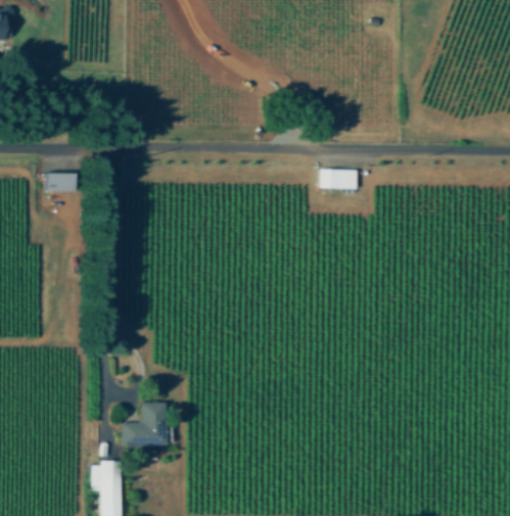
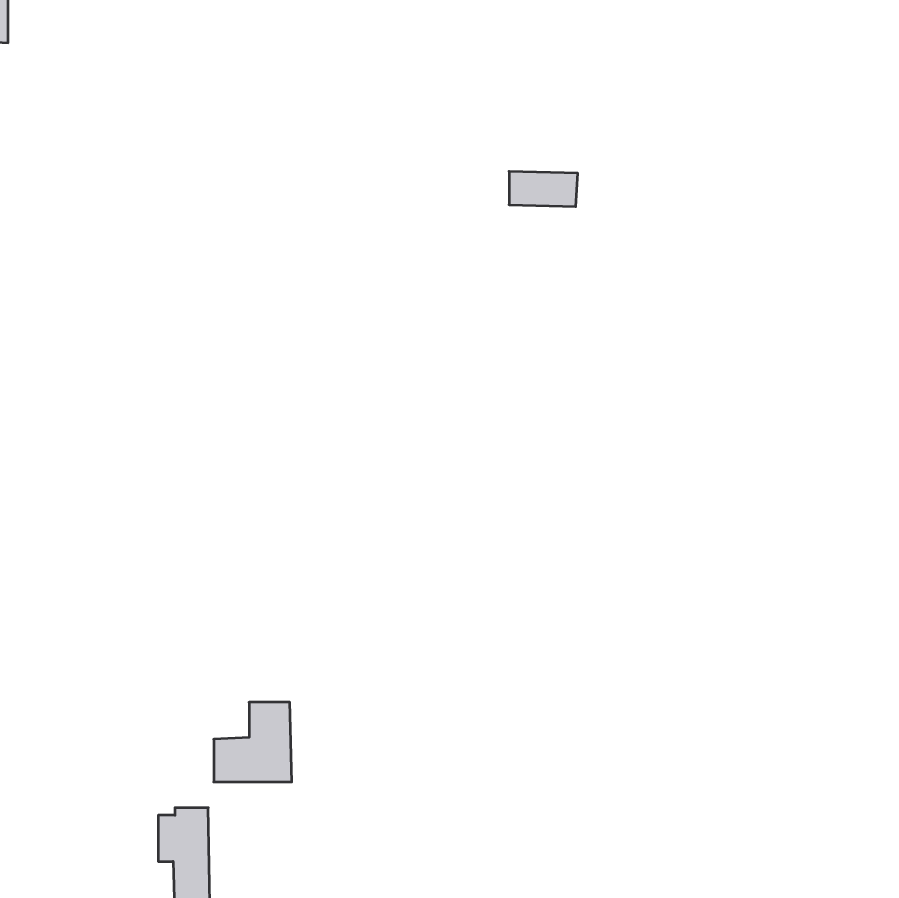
building: [319,170,357,189] -> [509,171,578,207]
building: [47,173,76,191] -> none

